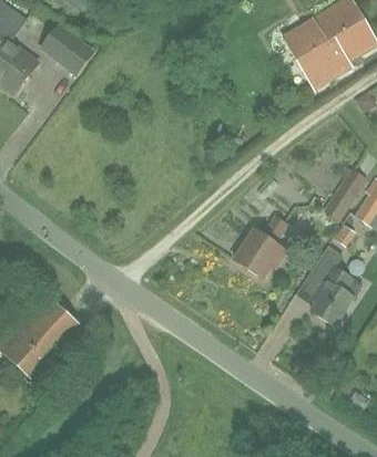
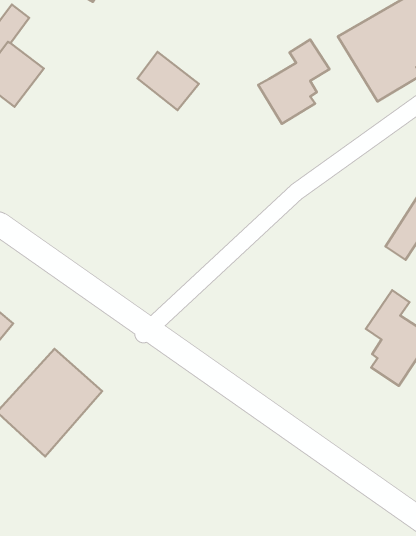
building: [42,24,93,73] -> [138,52,199,110]
building: none -> [258,39,329,124]
building: [234,215,287,278] -> none

